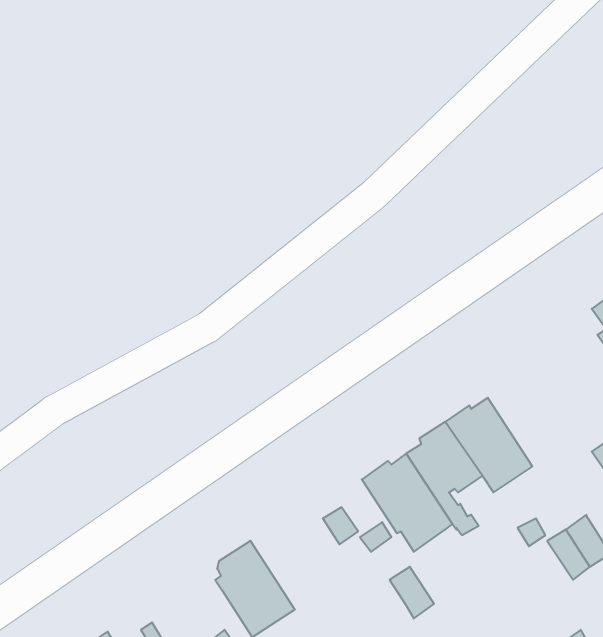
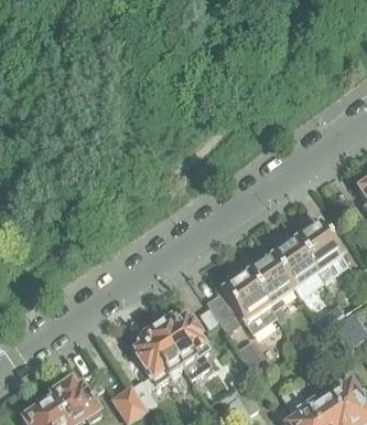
building: none -> [296,220,348,279]
building: none -> [155,311,211,375]

